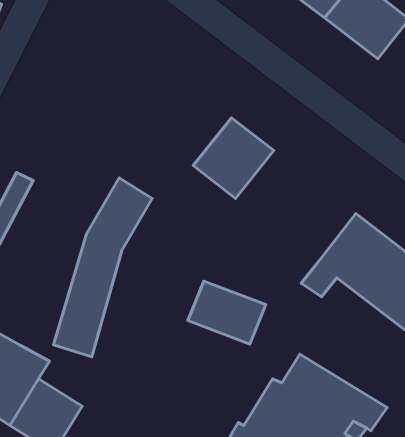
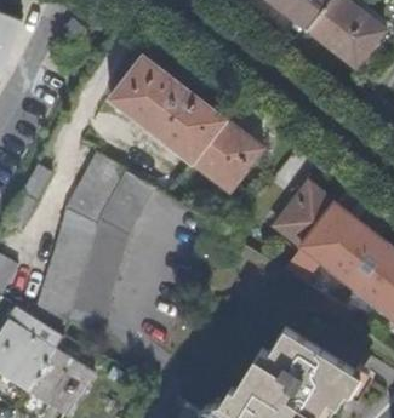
building: none -> [109,56,225,161]
building: none -> [38,155,126,326]
building: none -> [275,183,336,247]
building: [188,281,266,344] -> none

